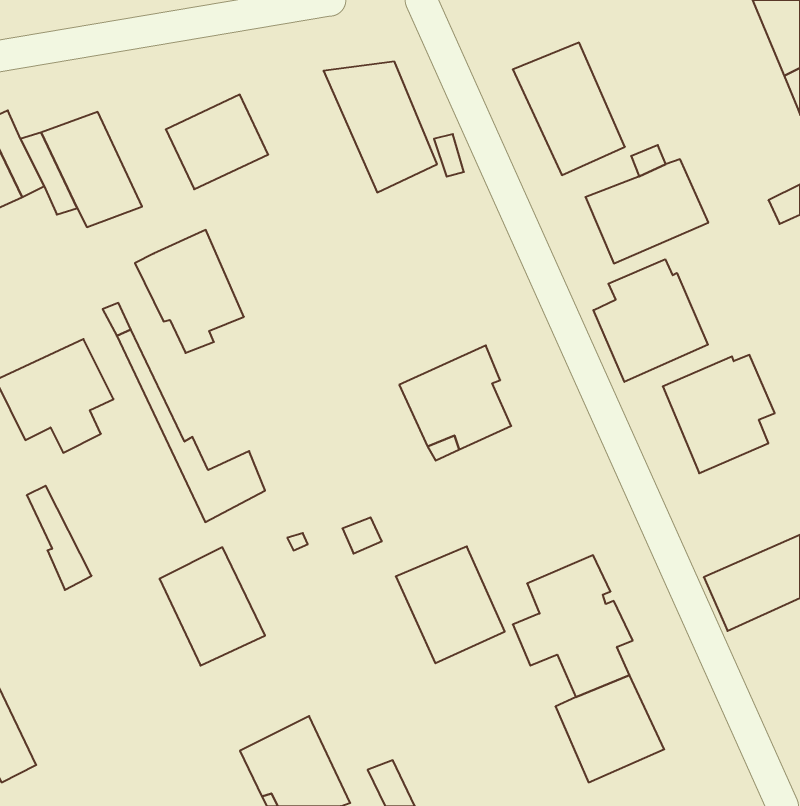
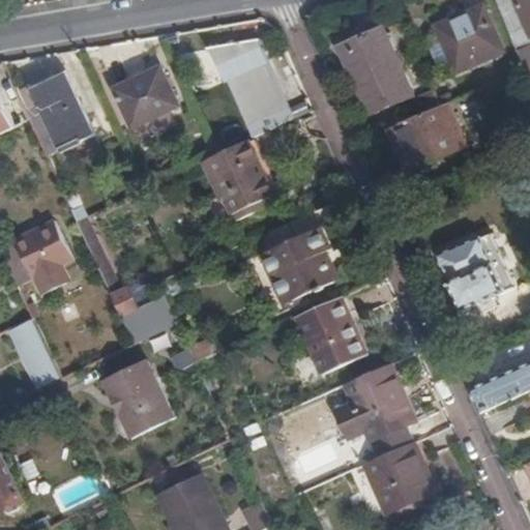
building: none -> [435,8,503,73]
building: [135,230,244,353] -> [204,139,275,219]
building: [593,259,708,382] -> none
building: [396,546,505,663] -> [295,297,366,374]

